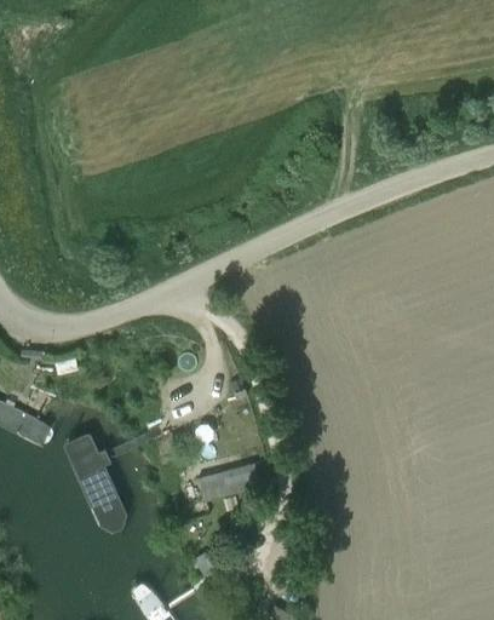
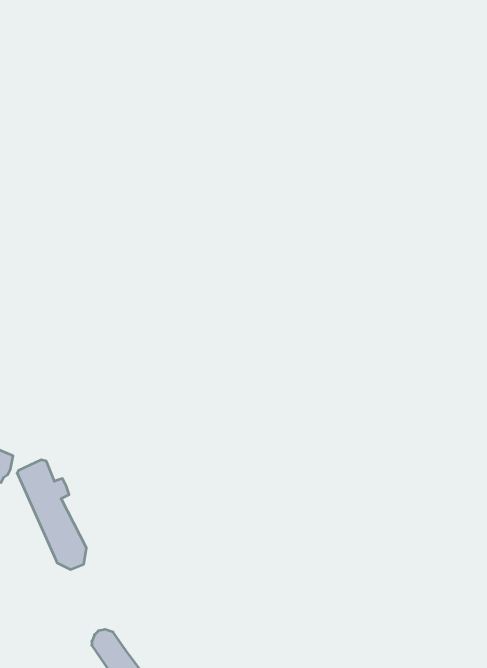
building: [196,467,248,503] -> none

